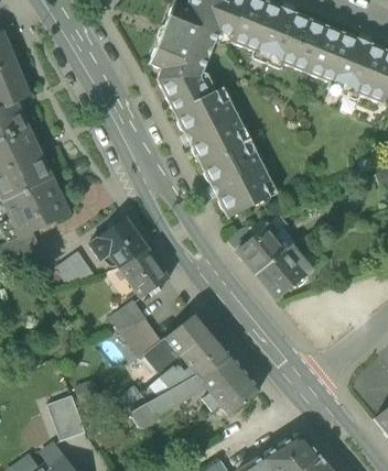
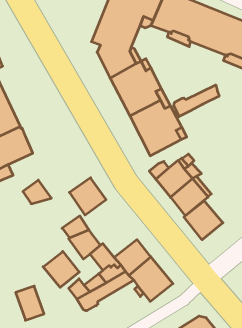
building: none -> [174,85,219,117]
building: [88,217,148,267] -> none
building: none -> [184,201,223,240]
building: [164,313,211,355] -> none
building: none -> [43,251,79,287]

